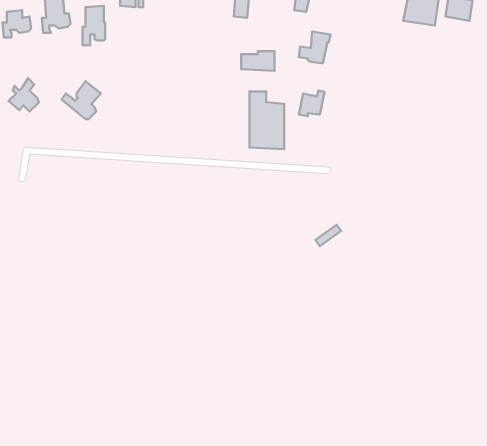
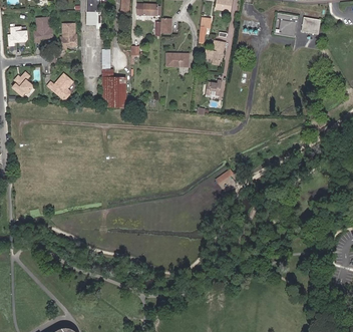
building: [249,92,284,149] -> [102,70,125,108]

